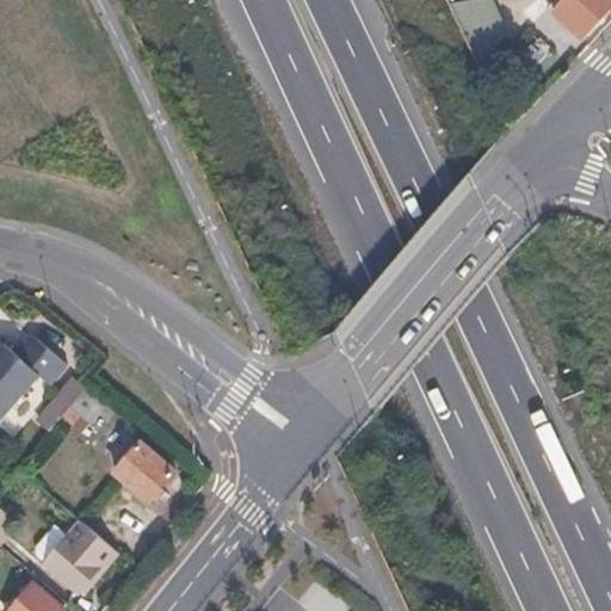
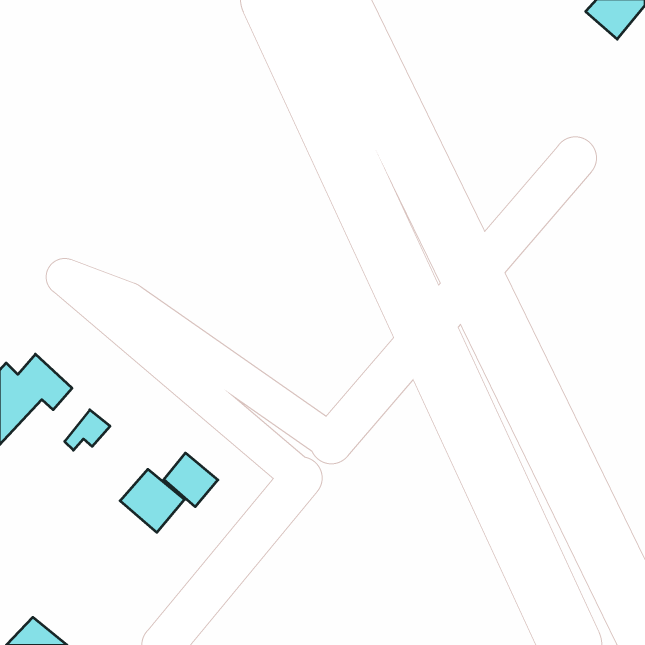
building: none -> [164,453,218,507]
building: [36,521,116,591] -> none

